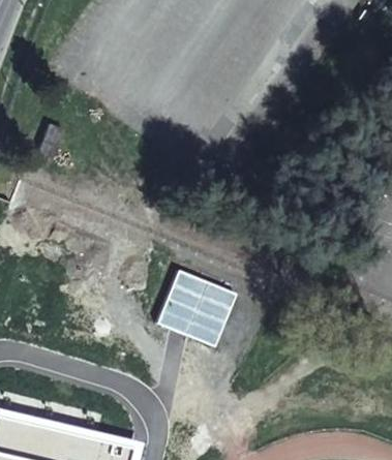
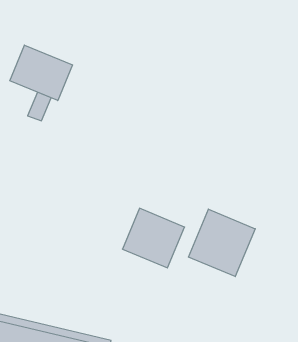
building: none -> [10,45,72,101]
building: none -> [188,209,255,277]

